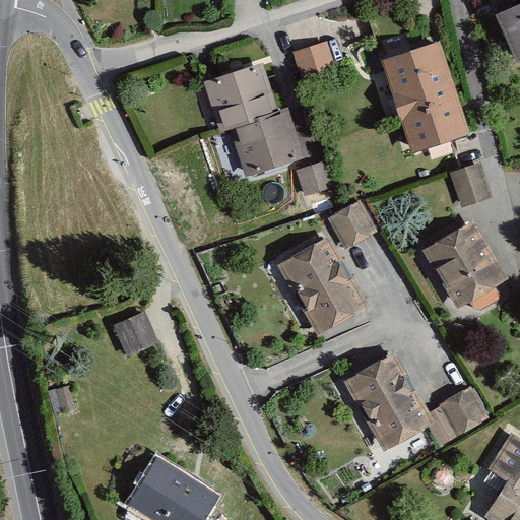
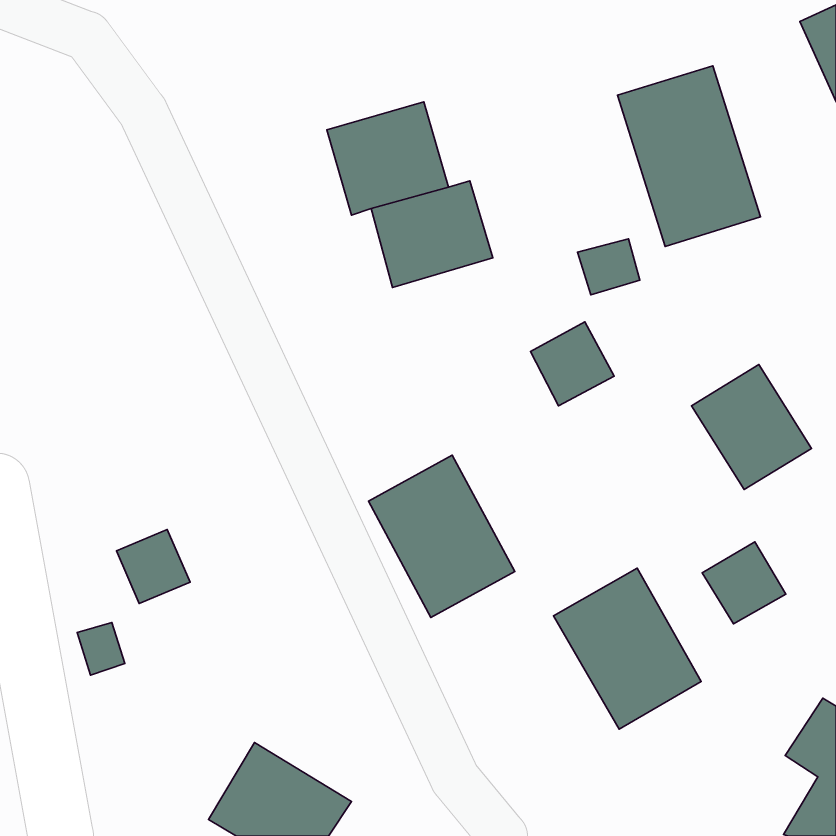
building: [294,43,336,84] -> none
building: [297,161,335,196] -> [578,239,640,295]
building: [453,166,489,204] -> none
building: [278,237,369,337] -> [369,455,515,618]
building: [113,313,158,359] -> [116,530,190,604]
building: [437,385,489,436] -> [702,542,786,624]

